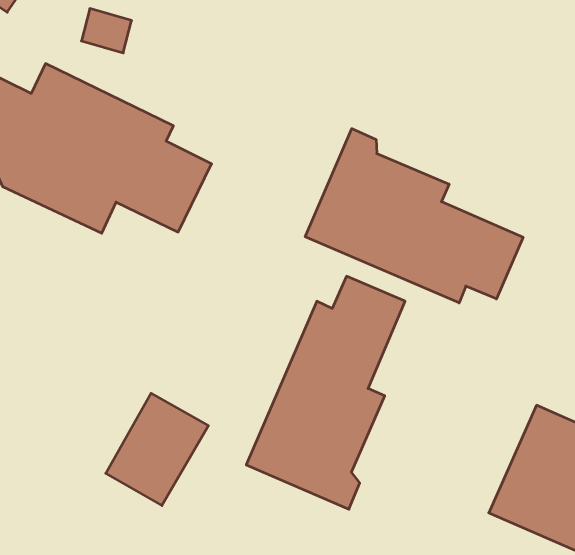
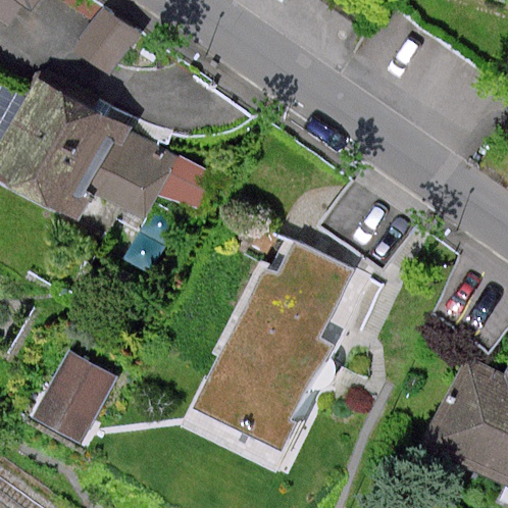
building: [305,129,523,303] -> none
building: [106,393,208,506] -> [23,348,111,444]

